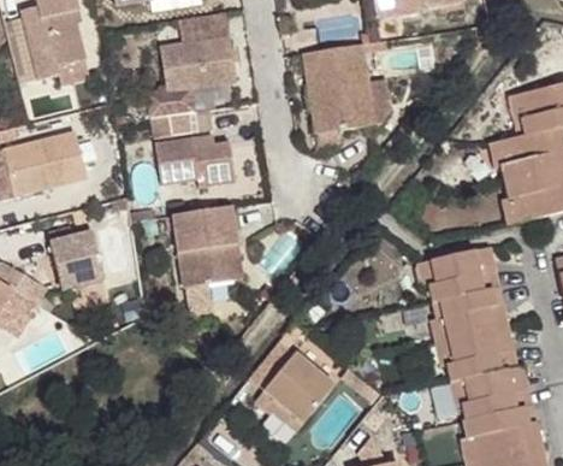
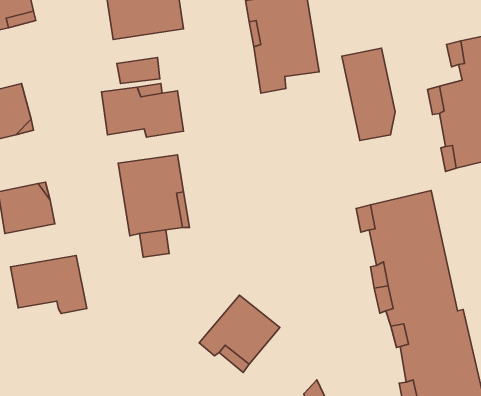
building: none -> [342,48,395,141]
building: none -> [10,255,87,314]

